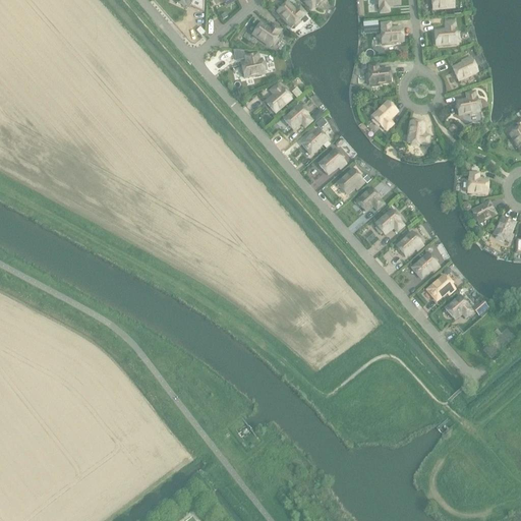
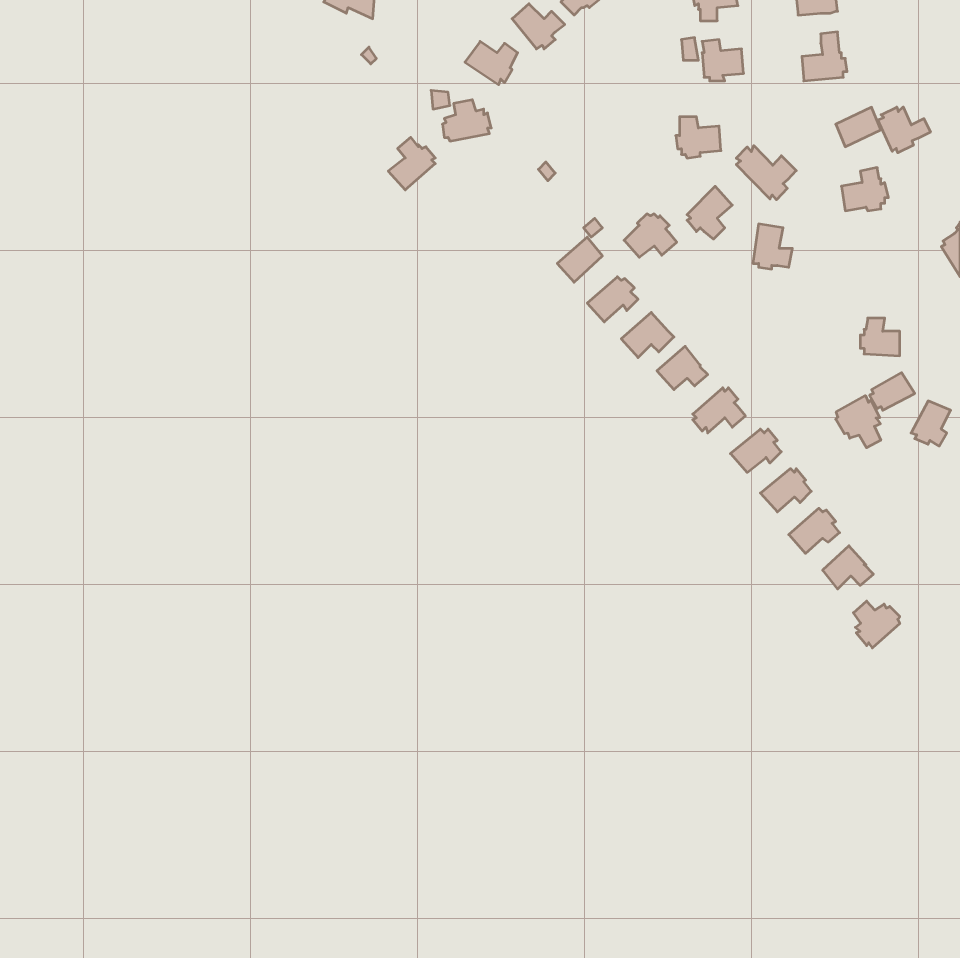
building: none -> [878,107,930,153]
building: none -> [736,146,796,200]
building: [265,83,290,112] -> [388,137,435,190]
building: [283,105,311,128] -> [624,214,677,257]
building: none -> [836,396,881,448]
building: none -> [853,601,900,648]

